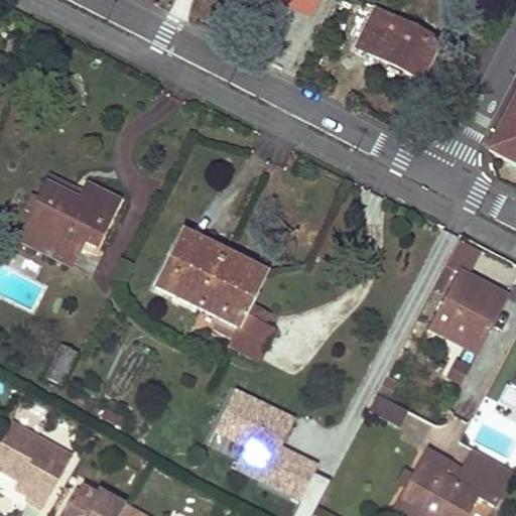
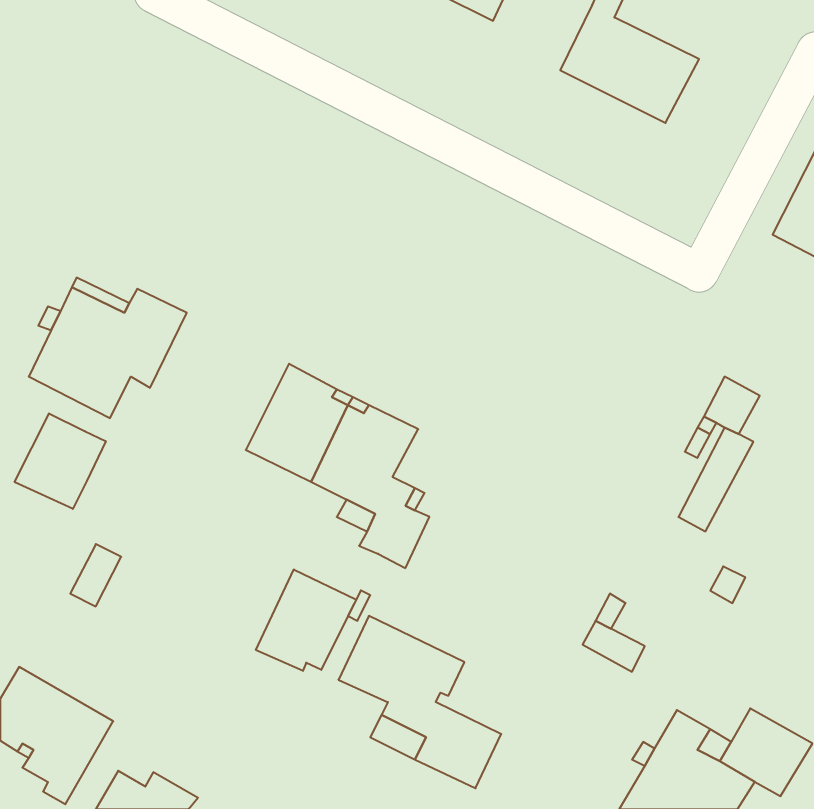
building: none -> [15,413,106,509]
building: [446,279,508,352] -> none
building: none -> [256,569,356,671]

